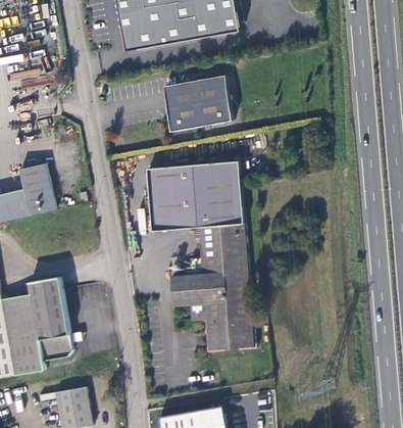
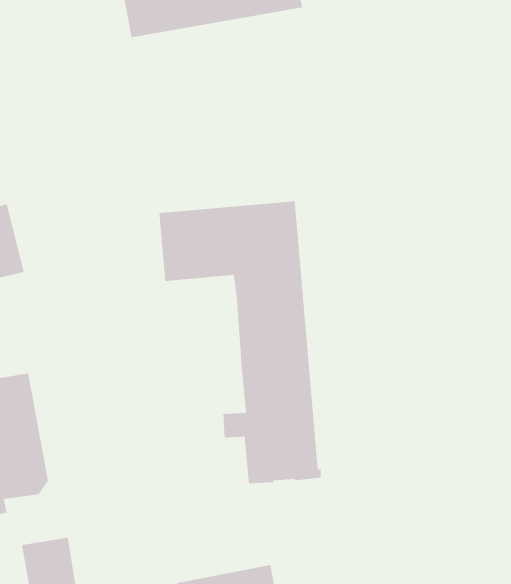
building: [162,75,232,130] -> none
building: [149,210,197,231] -> none
building: [169,272,203,305] -> none

